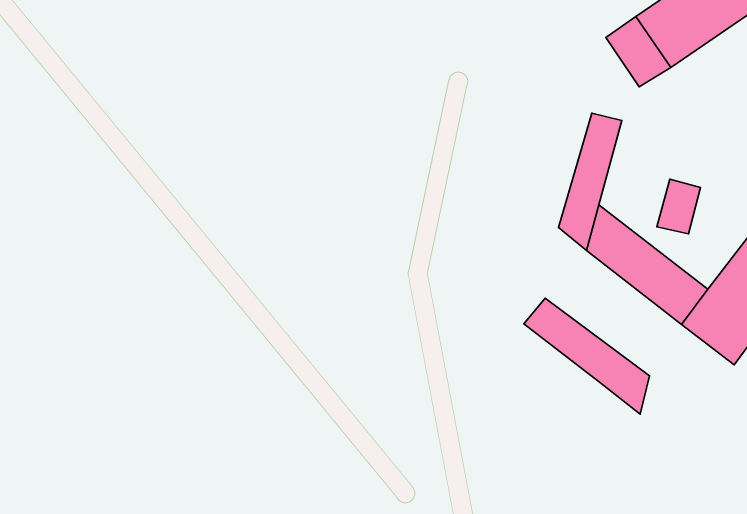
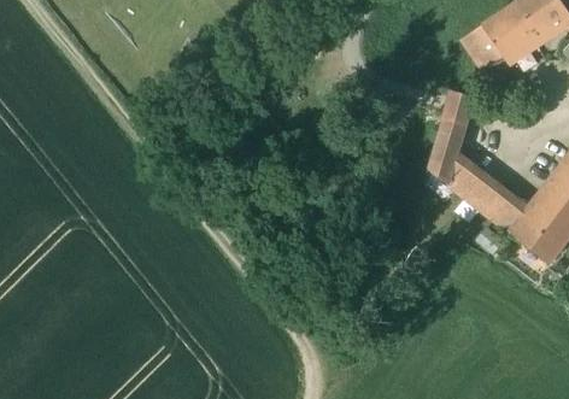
building: [657,179,701,234] -> none
building: [524,298,649,414] -> none

